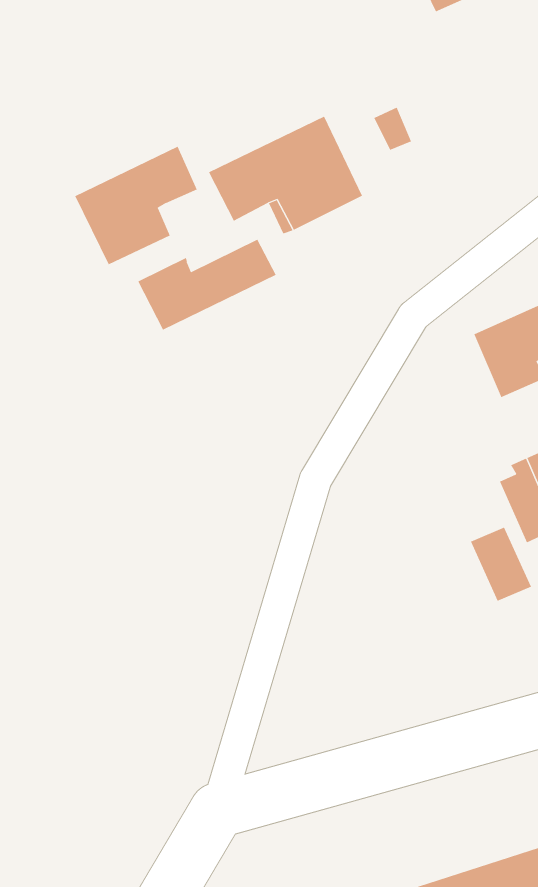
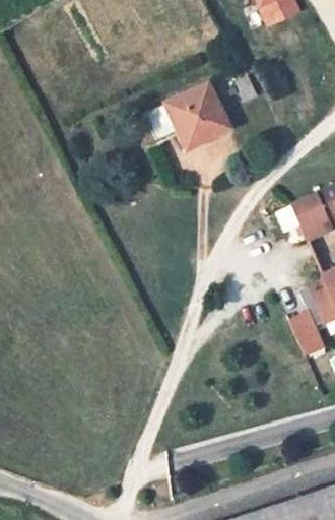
building: [75,146,198,265] -> none
building: [137,239,277,330] -> none

